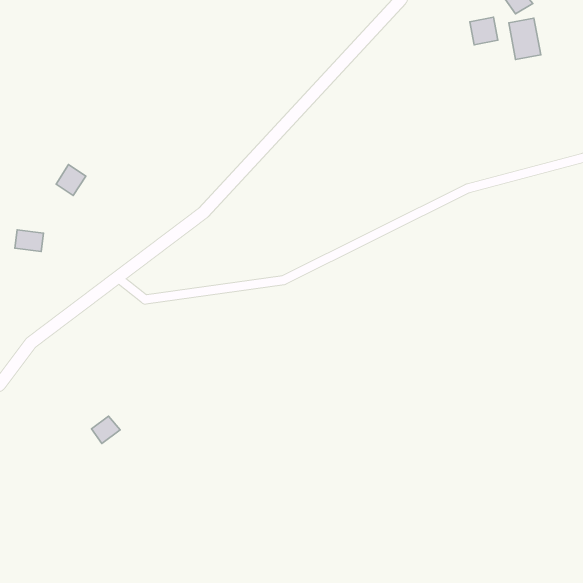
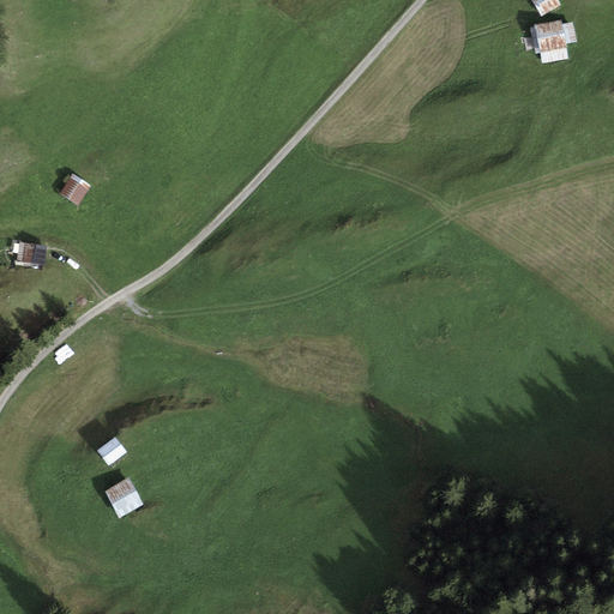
building: [470,17,498,45] -> none
building: none -> [103,476,143,517]

